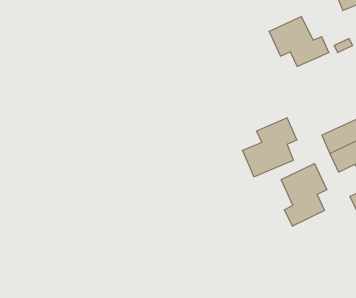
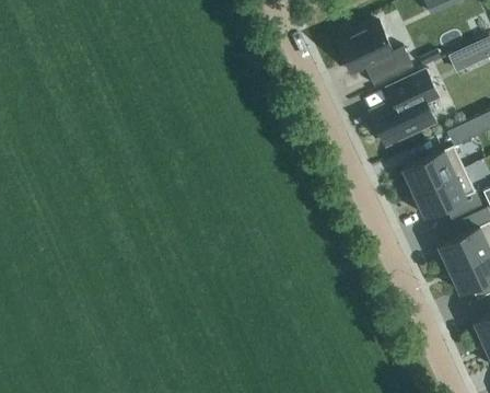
building: [242,118,297,177] -> [370,71,438,145]
building: [281,164,327,226] -> none

